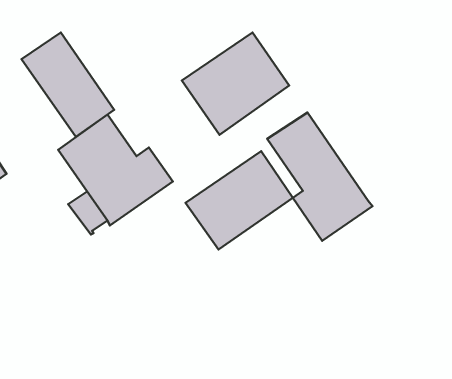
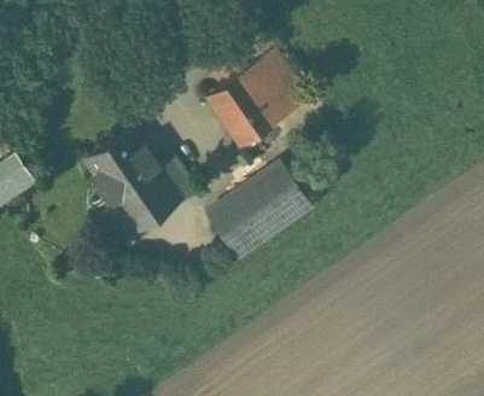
building: [21,32,114,137] -> none
building: [267,112,373,241] -> none

